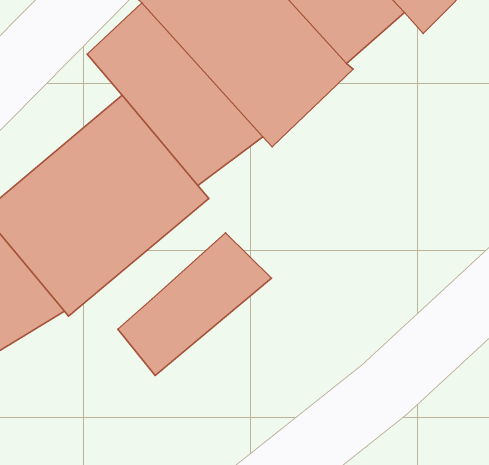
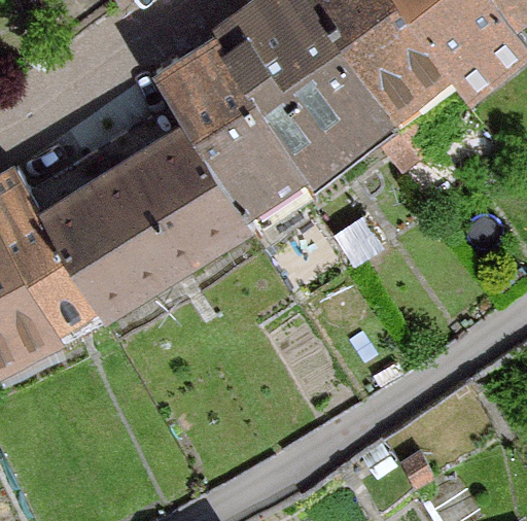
building: [118,233,271,376] -> none

